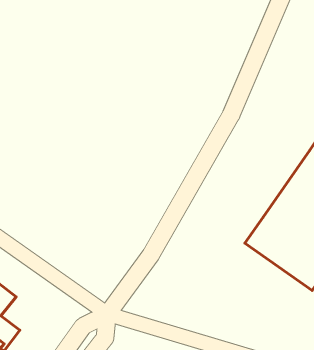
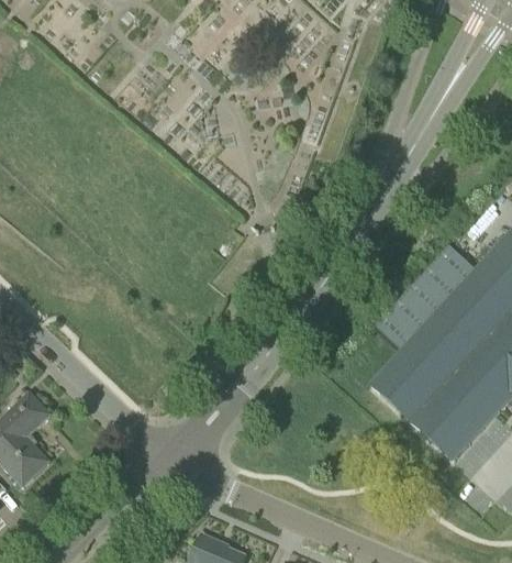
building: none -> [376,242,472,346]

